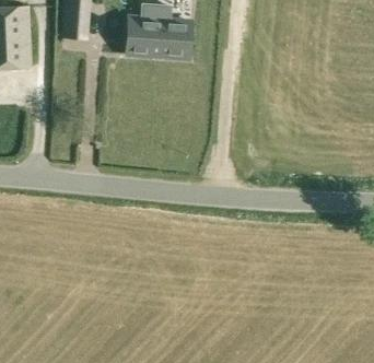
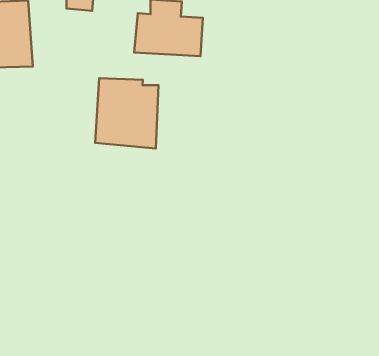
building: none -> [95,78,159,149]

